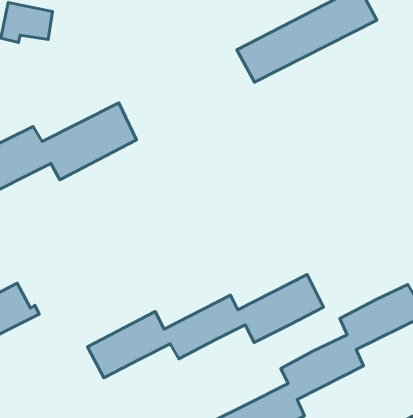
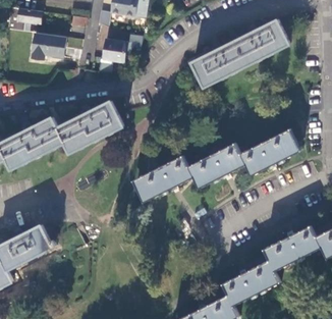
building: none -> [98,34,142,72]
building: [87,275,323,378] -> [136,129,299,201]

